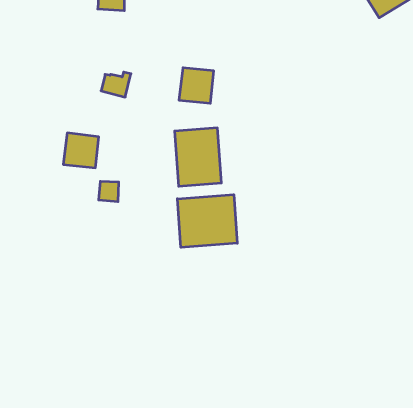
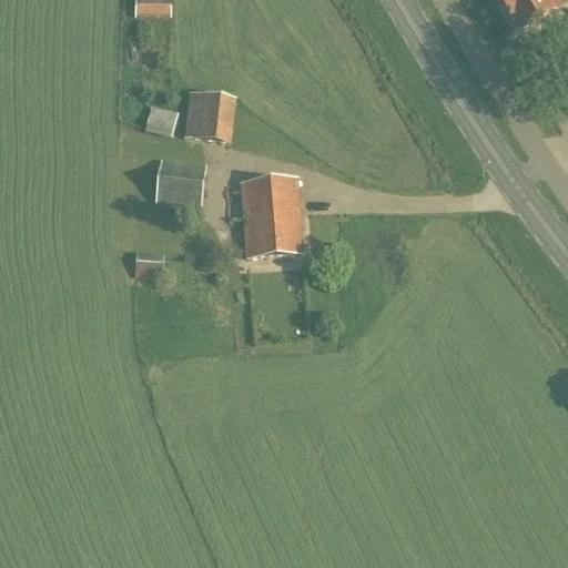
building: [179,68,214,103] -> [186,90,234,139]
building: [63,133,99,168] -> [156,156,205,204]
building: [177,195,237,247] -> none

